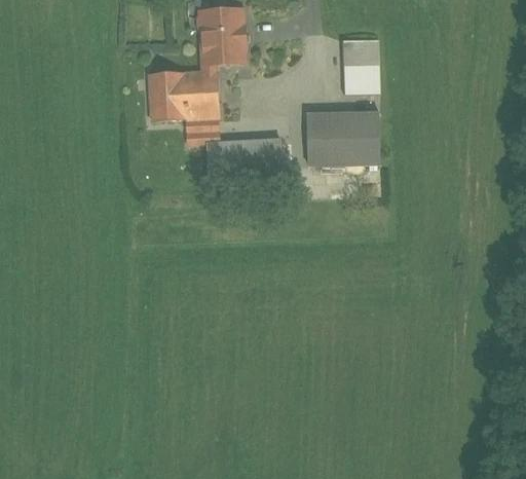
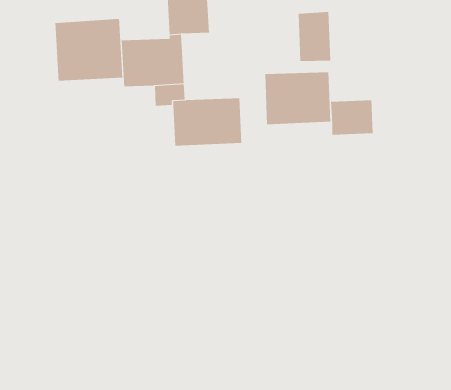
building: none -> [55,18,123,82]
building: none -> [330,100,373,135]

